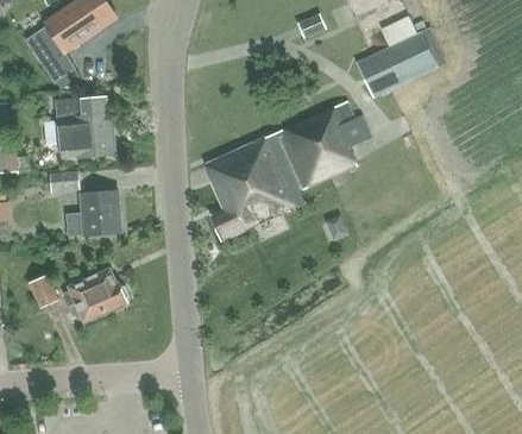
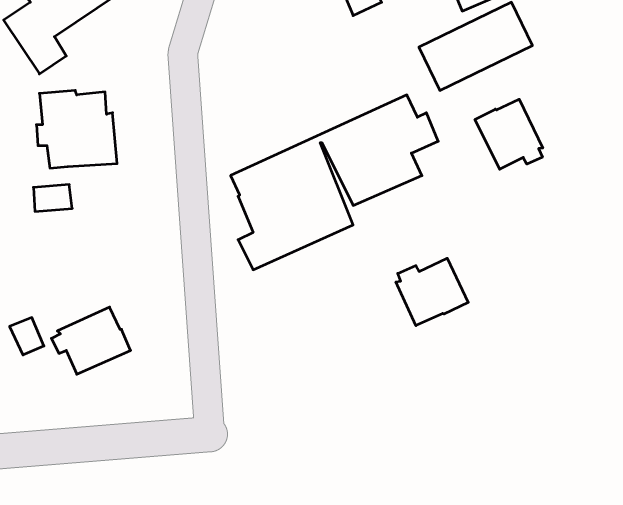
building: none -> [475,99,543,169]
building: [67,191,121,235] -> none
building: none -> [396,258,468,326]

